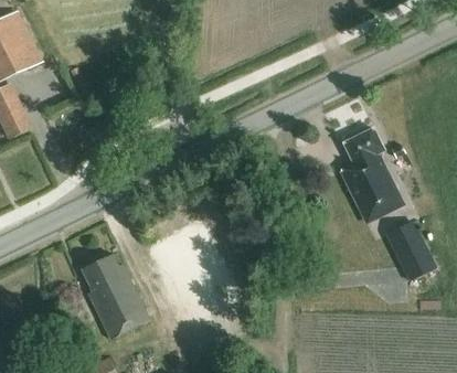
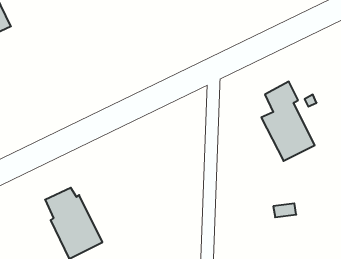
building: [395,221,429,263] -> none

